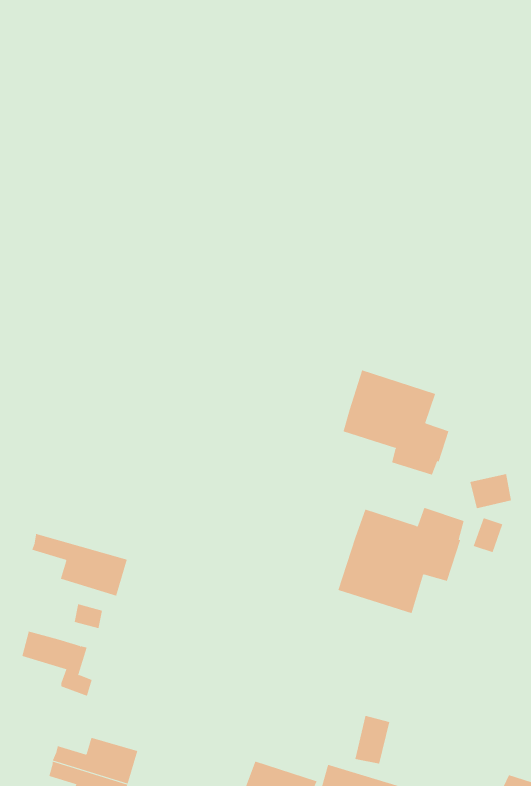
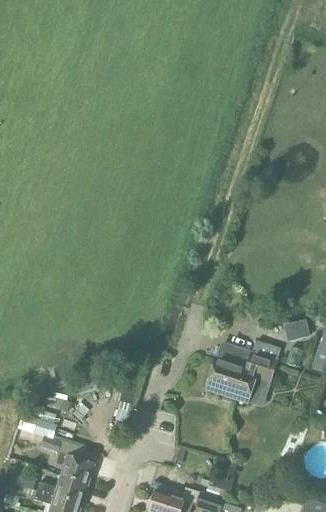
building: [343,370,449,476] -> none
building: [32,533,127,596] -> none
building: none -> [57,454,95,485]

